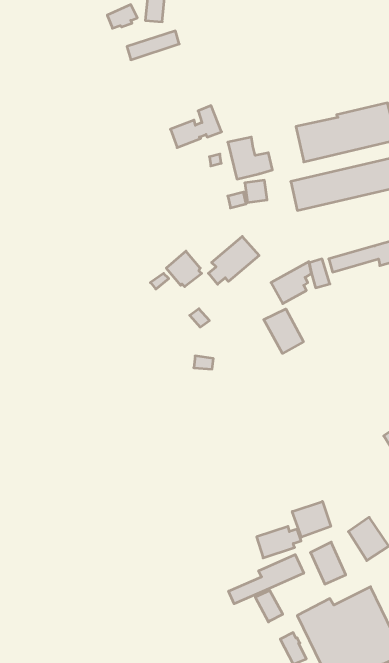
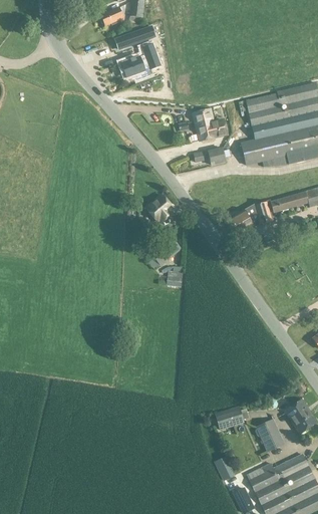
building: [170,106,222,148] -> [121,45,161,77]
building: [208,236,259,284] -> none
building: [264,309,303,353] -> none
building: [292,501,331,537] -> none
building: [229,555,304,604] -> none

